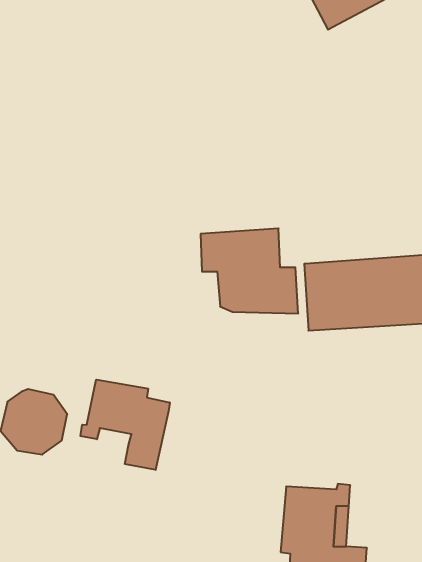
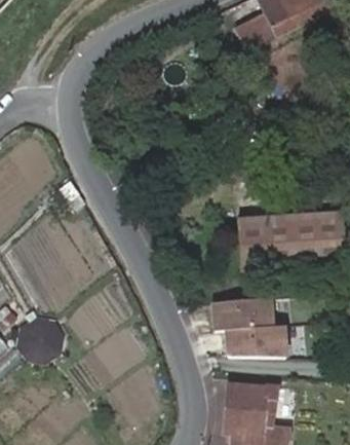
building: [201,228,298,313] -> [212,291,284,354]
building: [80,380,170,470] -> none

